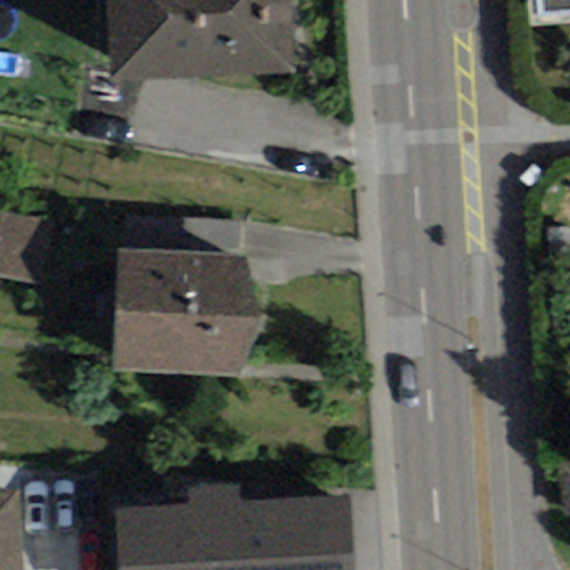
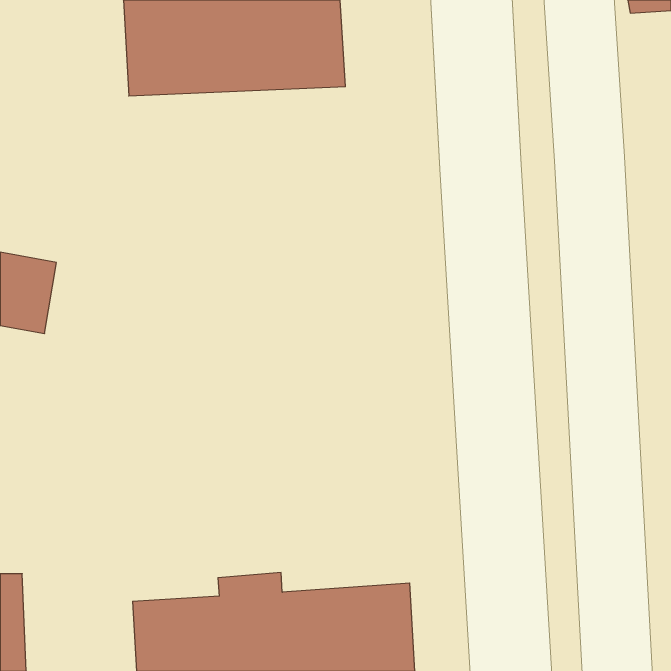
building: [111,250,259,376] -> none

